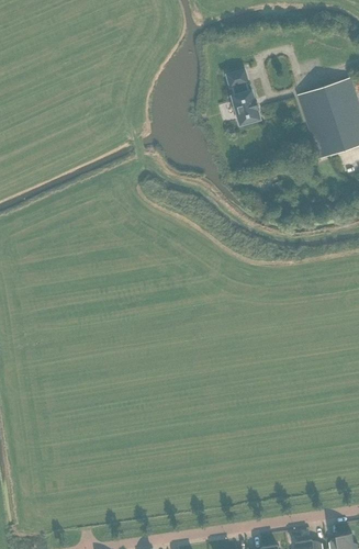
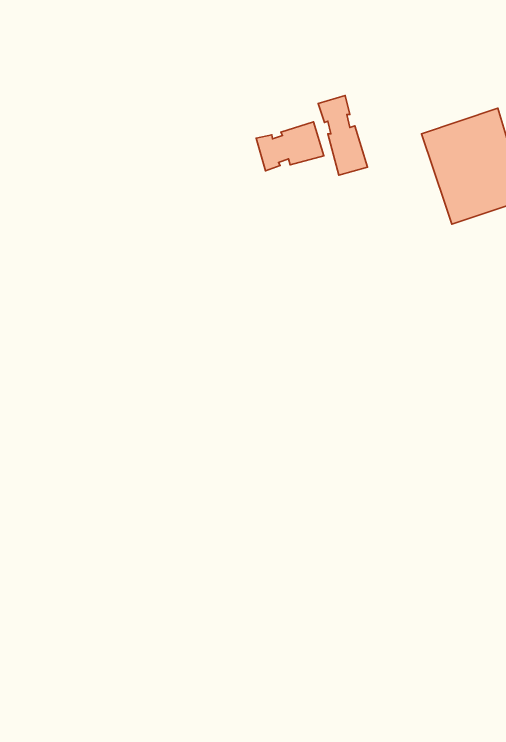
building: none -> [256,122,324,171]

